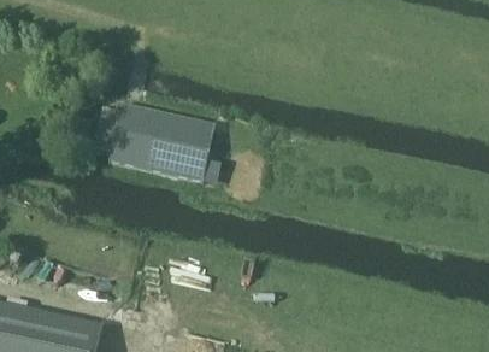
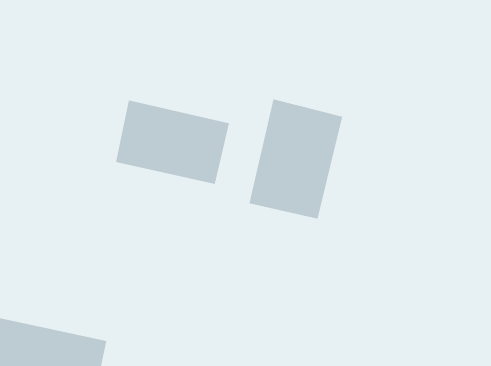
building: none -> [249,98,343,219]

